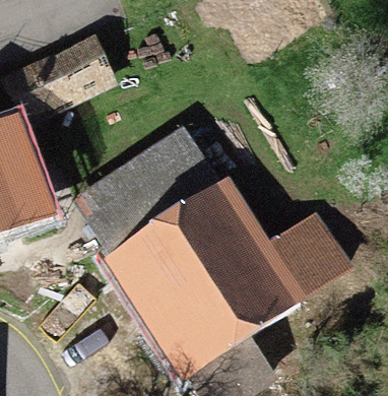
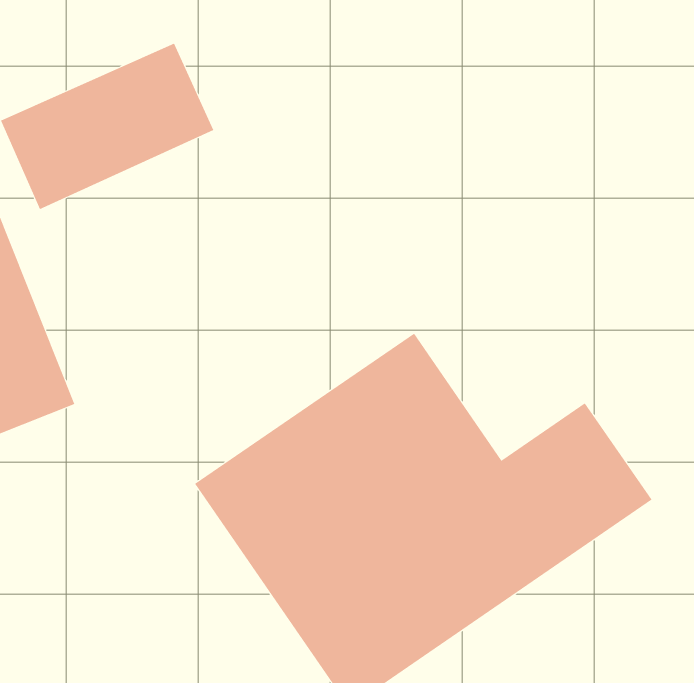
building: [68,129,219,262] -> none

